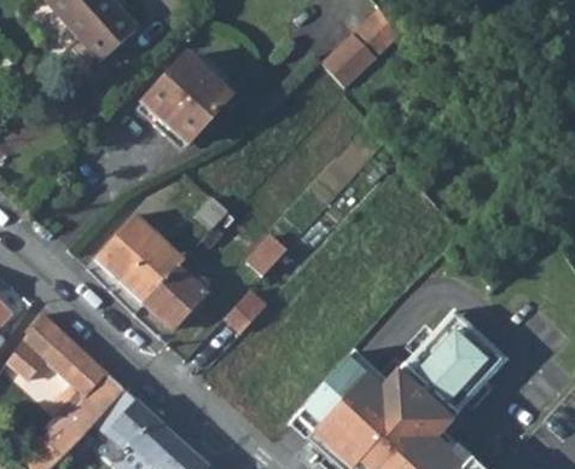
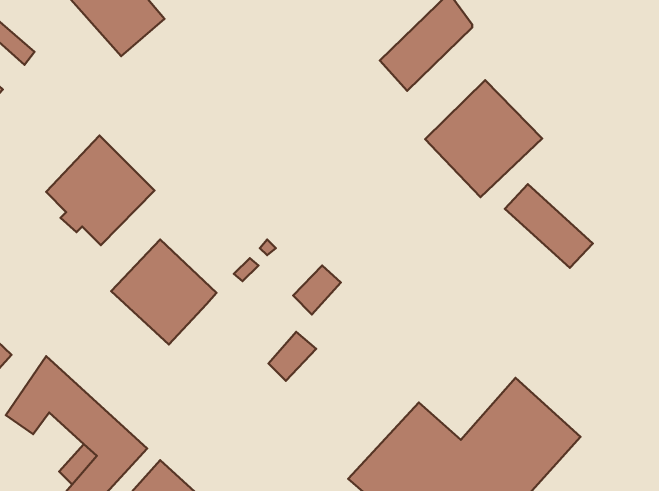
building: [141,56,232,147] -> [46,136,154,245]
building: none -> [425,80,542,197]
building: [143,268,207,328] -> none
building: [432,309,506,380] -> [505,184,593,268]

